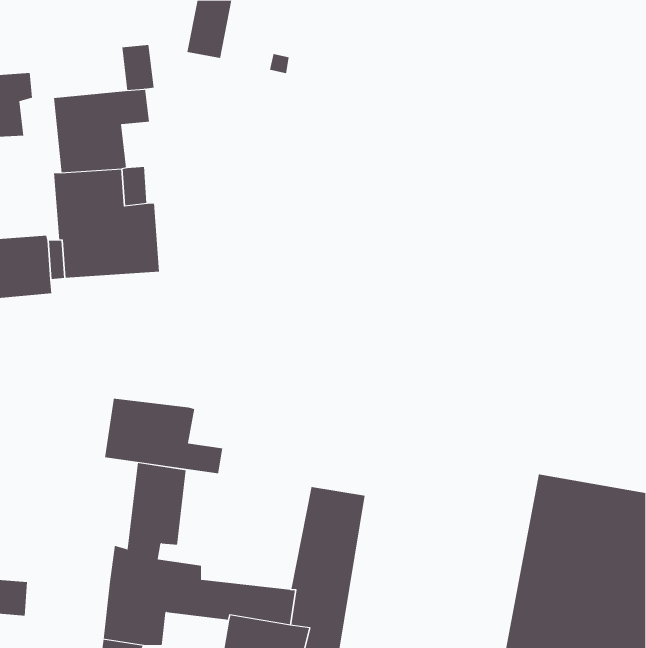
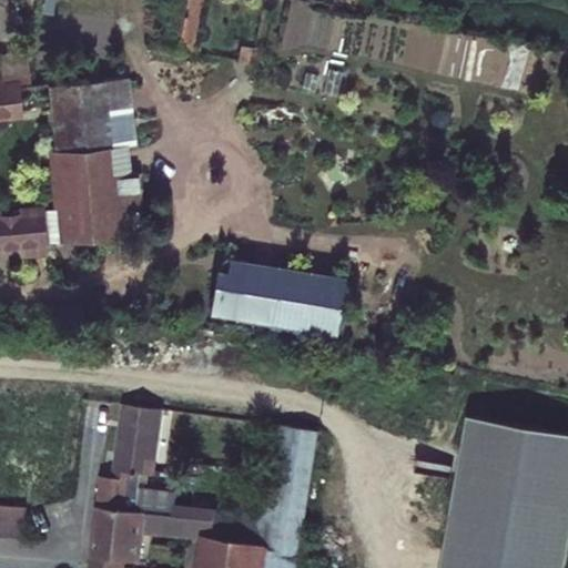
building: [121,45,154,90] -> [106,108,135,148]
building: none -> [209,260,345,337]
building: [104,398,223,474] -> none

